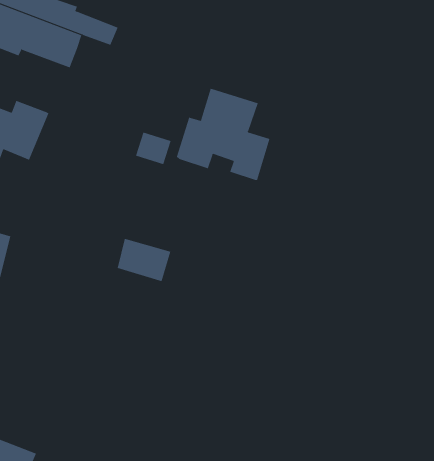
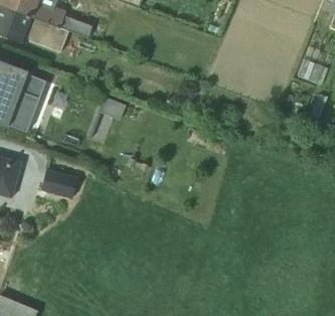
building: [176,87,270,181] -> none
building: [117,238,171,282] -> [40,168,76,197]

